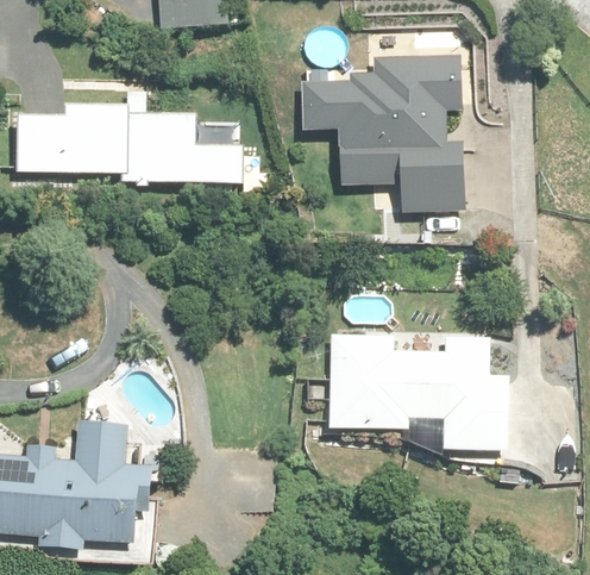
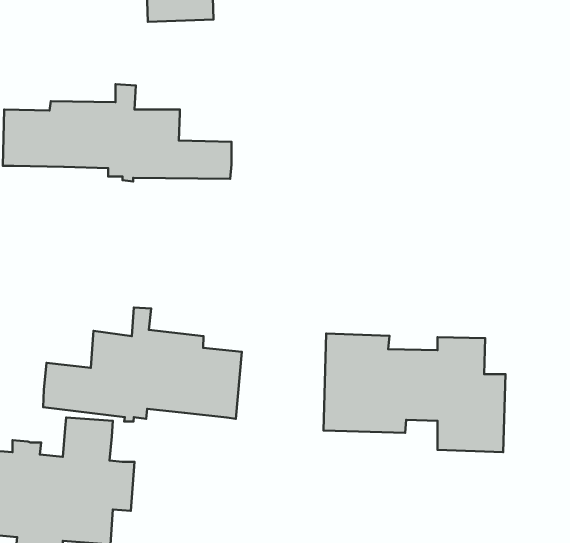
building: [312,57,465,202] -> none
building: none -> [43,308,242,422]

